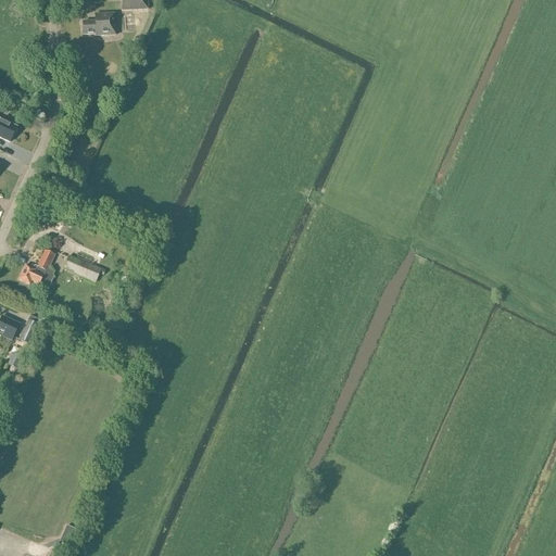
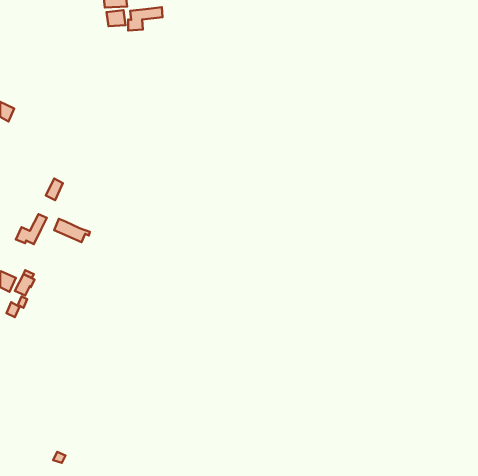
building: none -> [128,7,163,31]
building: [83,12,115,35] -> none

